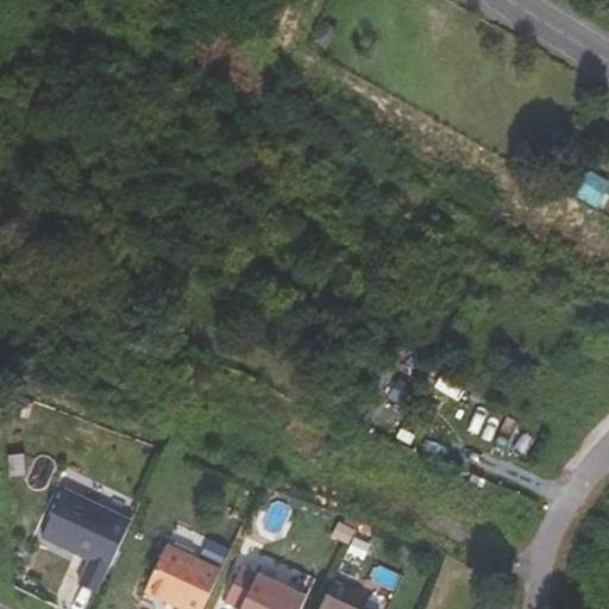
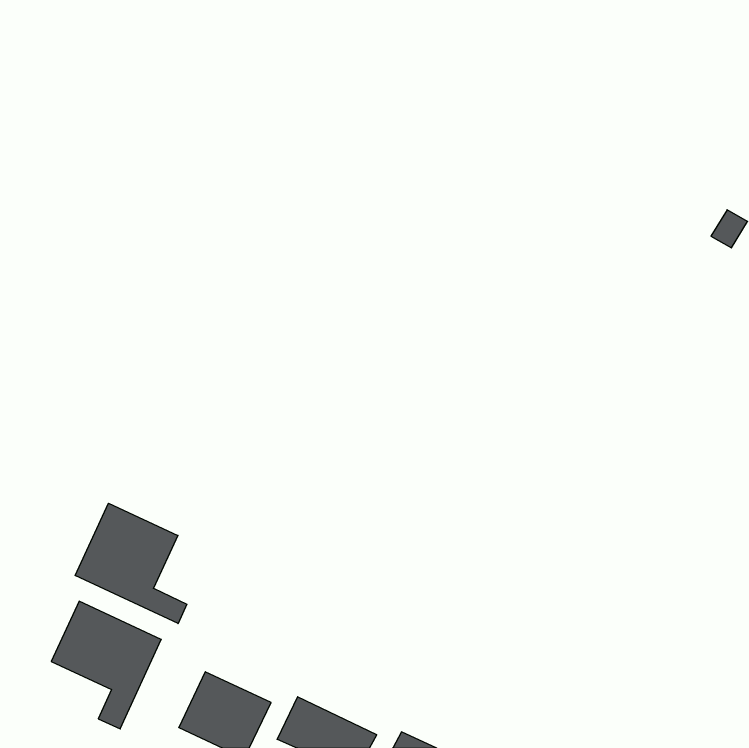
building: none -> [75,503,187,624]

